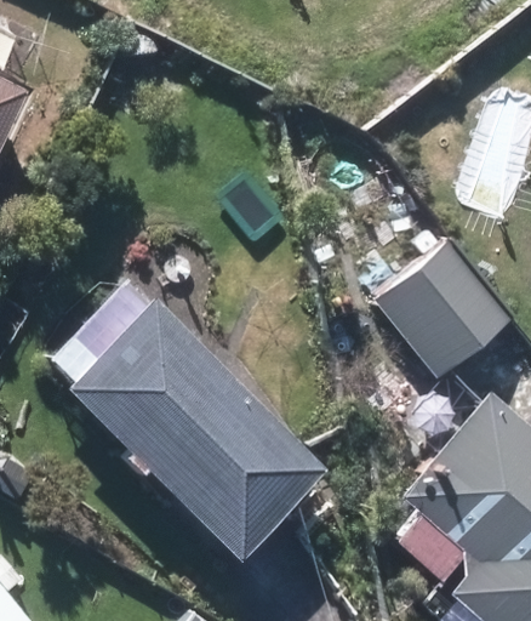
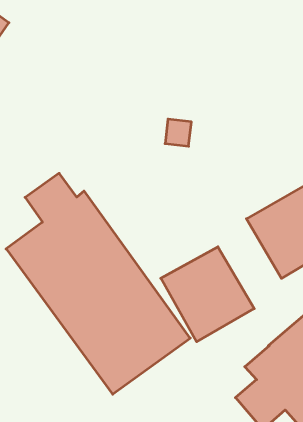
building: none -> [161,247,254,342]

